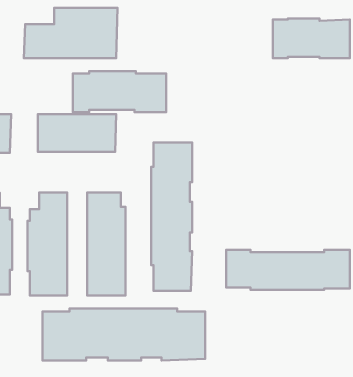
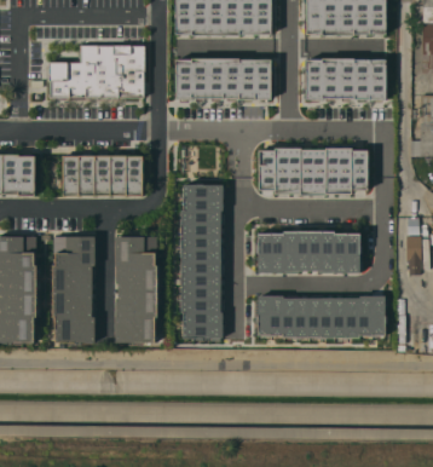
building: [73,71,166,112] -> [174,56,271,98]
building: none -> [259,146,368,192]
building: none -> [258,231,360,272]
building: [43,309,205,360] -> none

